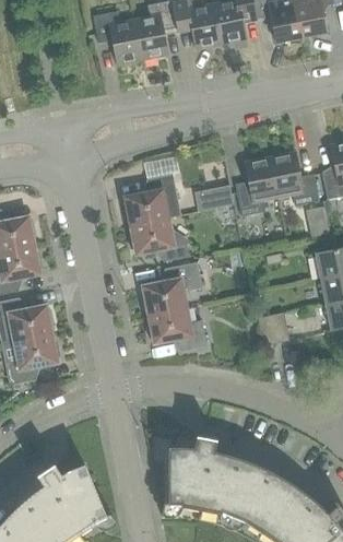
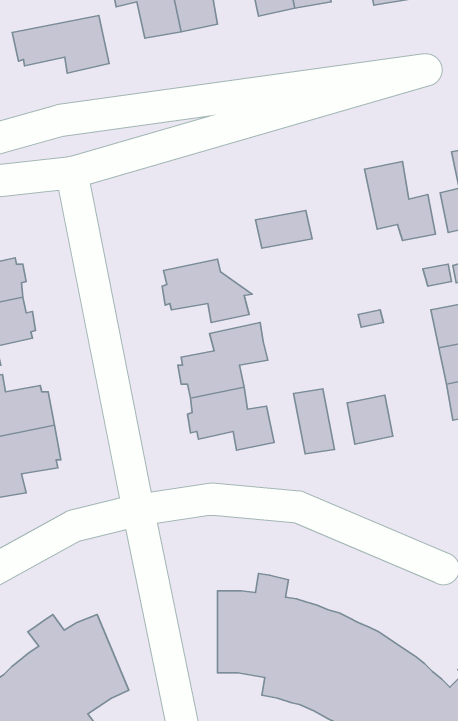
building: none -> [12,15,109,73]
building: [235,155,277,215] -> none
building: [121,174,180,224] -> none
building: none -> [294,389,334,454]

